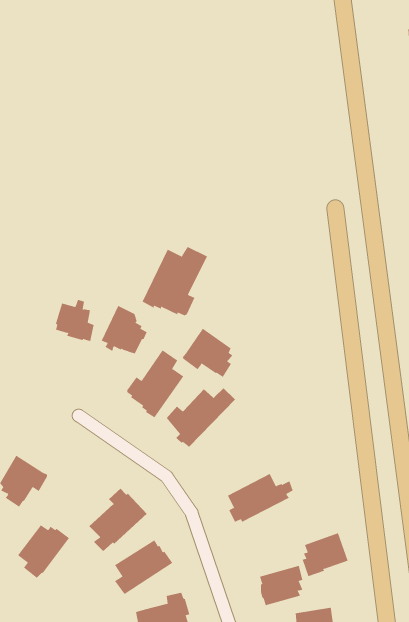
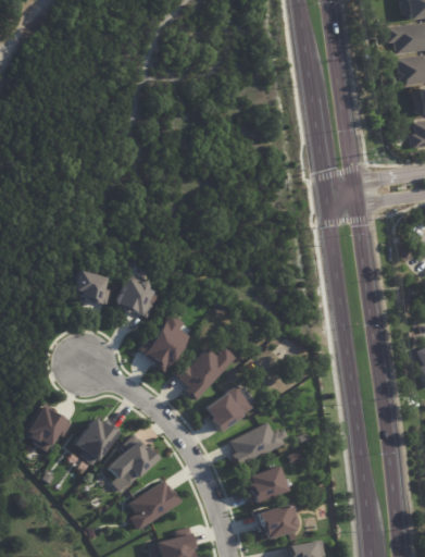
building: [142,246,208,316] -> none
building: [182,328,233,378] -> none
building: none -> [205,385,253,433]
building: [17,525,70,578] -> [74,418,121,466]
building: [302,533,348,577] -> [246,466,287,505]

